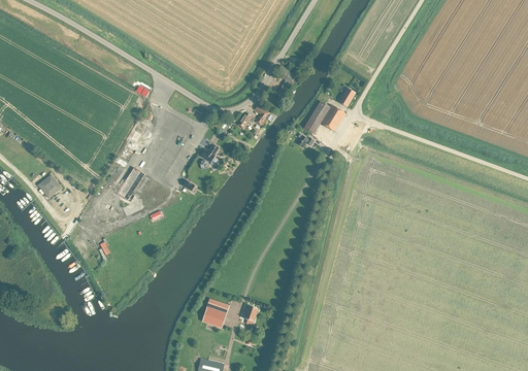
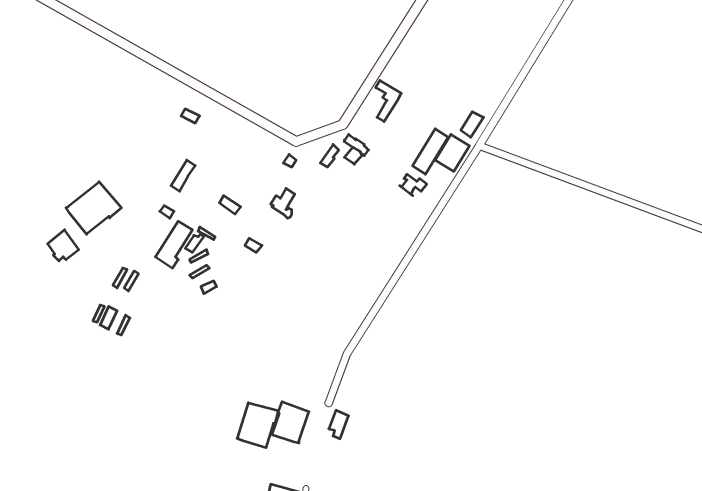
building: none -> [66,182,121,234]
building: none -> [237,403,278,448]

